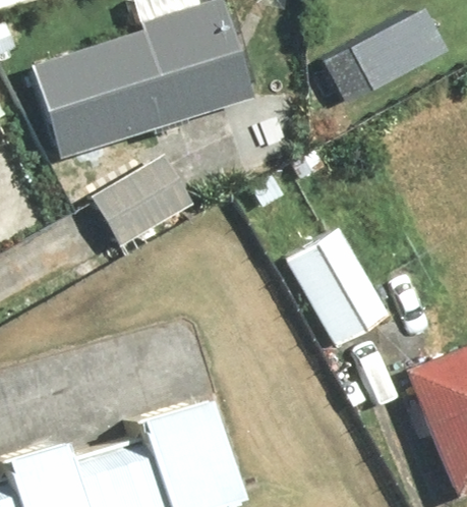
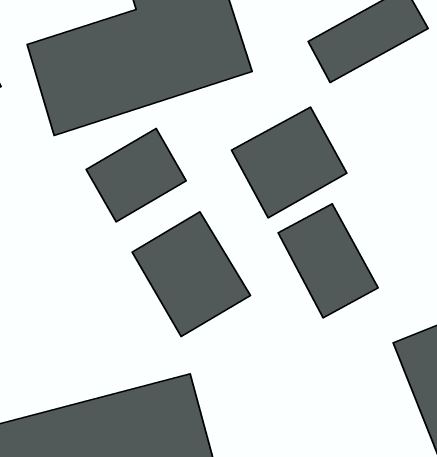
building: none -> [231,107,347,218]
building: none -> [132,212,251,336]

